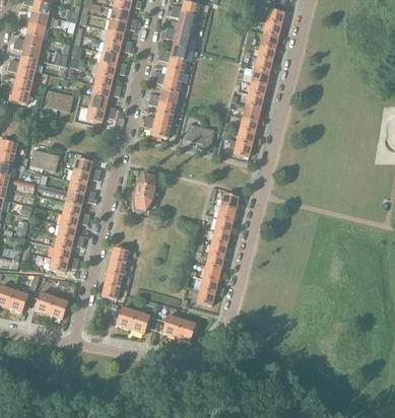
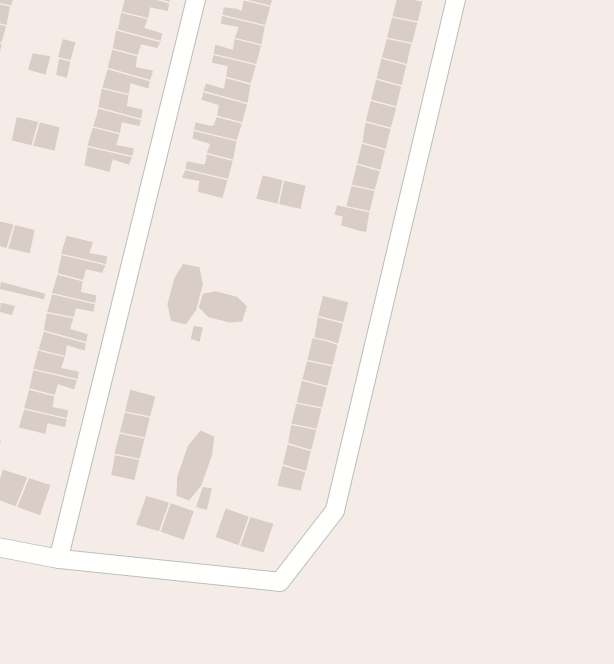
building: none -> [198,291,248,323]
building: none -> [176,429,215,502]

